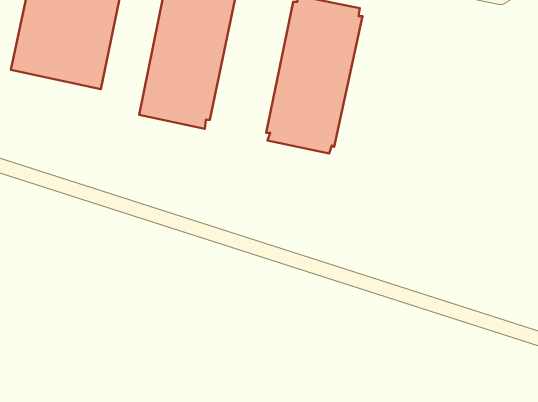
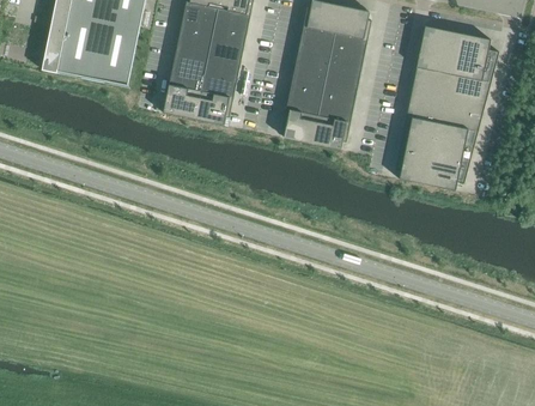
building: none -> [395,25,498,189]

